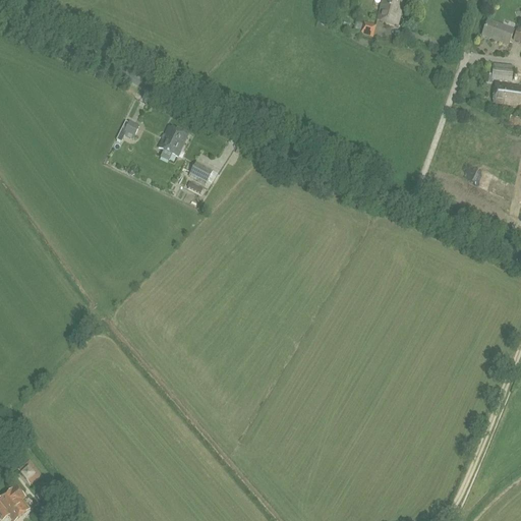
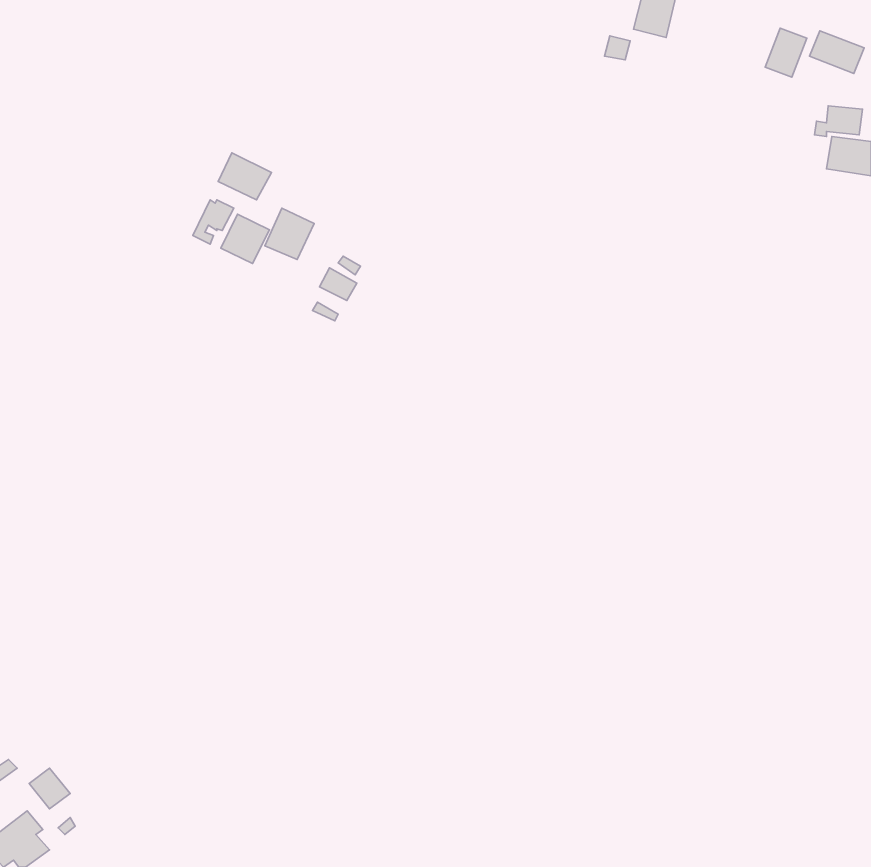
building: none -> [765,28,807,77]
building: none -> [218,153,271,200]
building: none -> [221,214,270,264]

